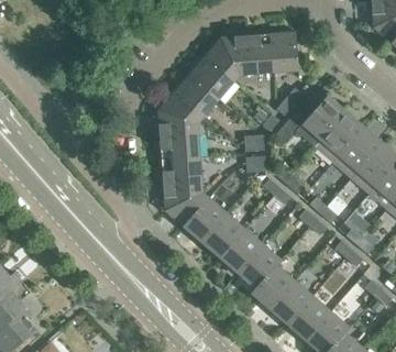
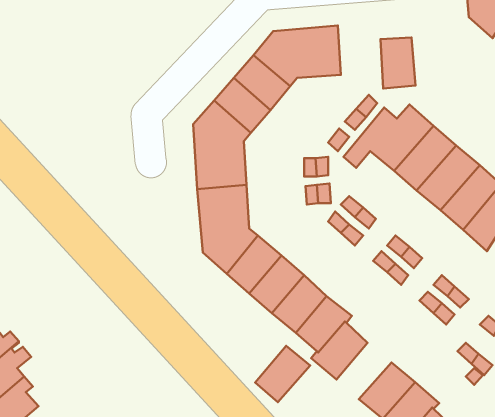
building: [271,33,298,73] -> [380,38,416,88]
building: [270,282,312,326] -> [255,346,310,402]

